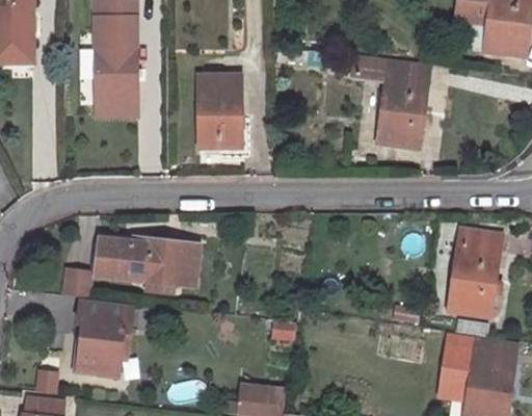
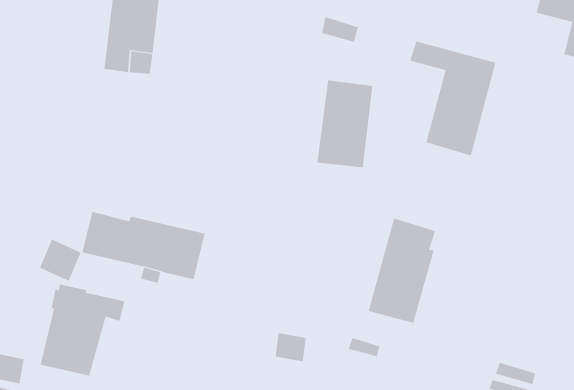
building: [200,75,240,147] -> [317,80,373,168]
building: [451,228,501,315] -> [368,218,436,324]

